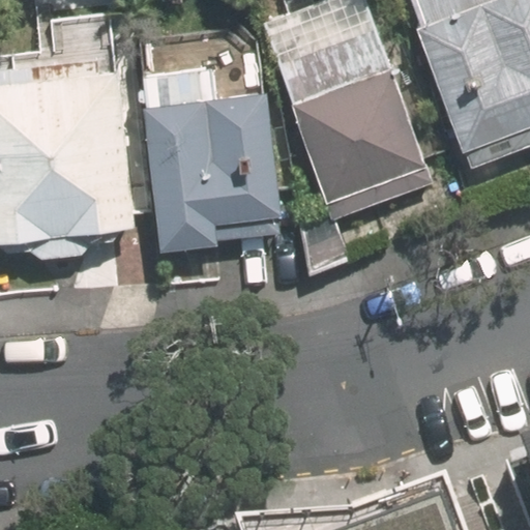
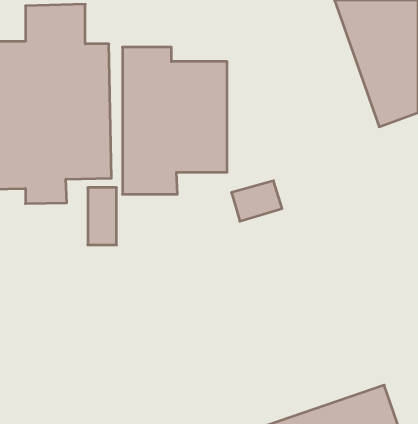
building: [274,24,434,220] -> none

